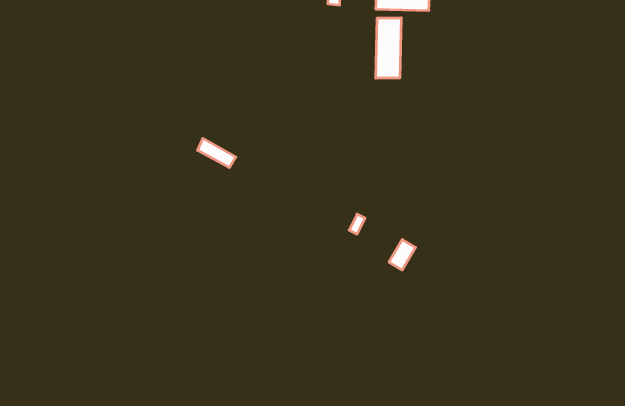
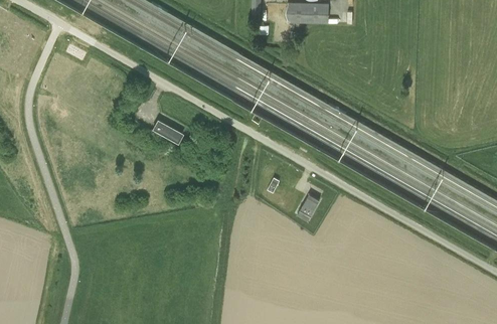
building: [376,18,401,78] -> none

